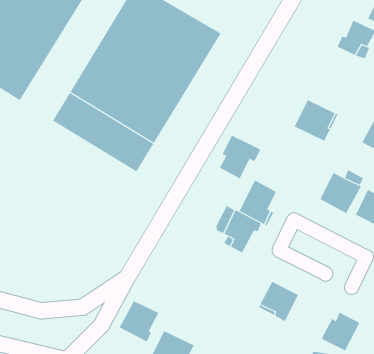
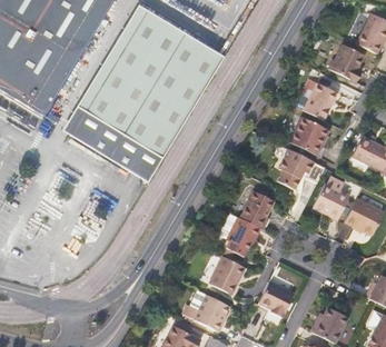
building: none -> [304,81,337,119]
building: [219,135,261,179] -> [276,148,314,188]
building: none -> [209,256,245,293]
building: [119,300,159,342] -> [194,294,230,331]

